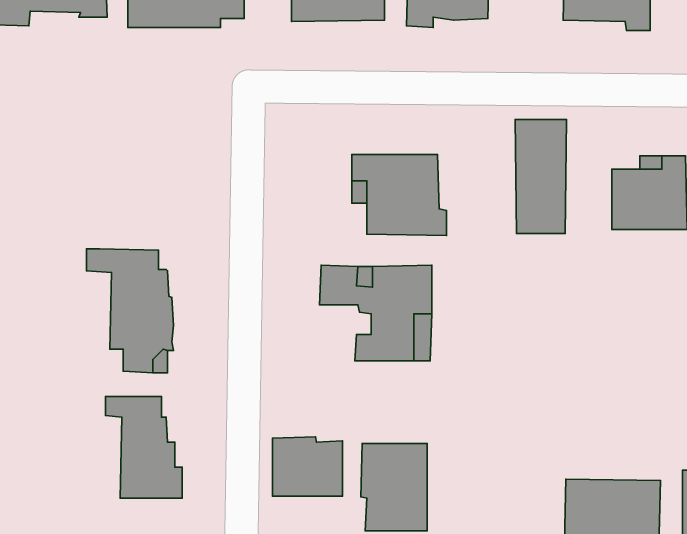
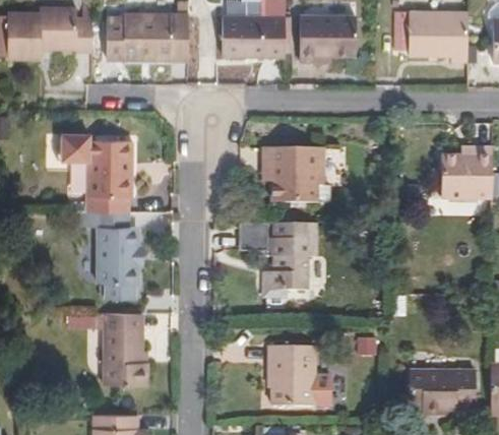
building: [515,119,567,233] -> none
building: none -> [58,134,134,212]
building: [273,437,343,496] -> none

